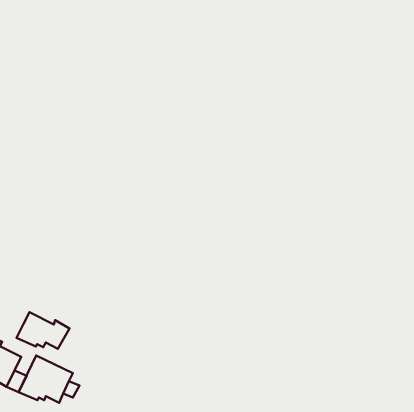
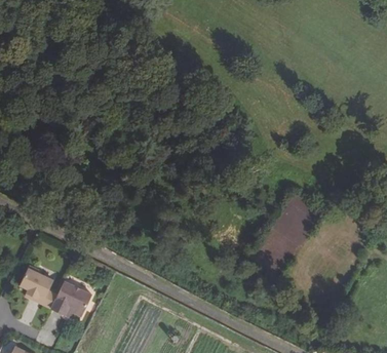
building: [16,312,70,349] -> none

